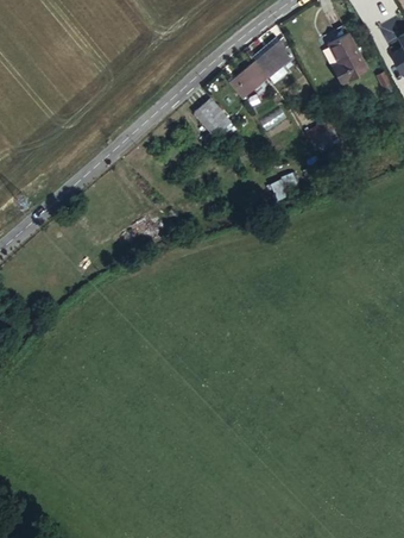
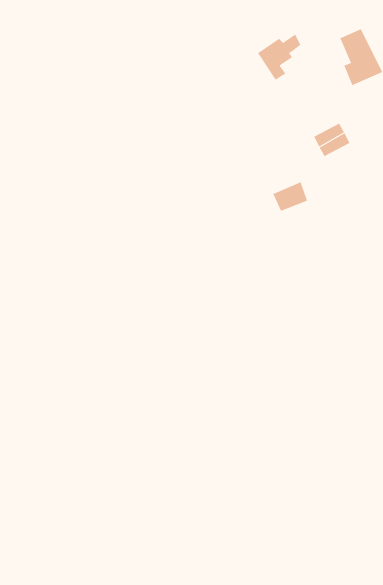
building: [232,63,266,96] -> none
building: [190,96,227,136] -> none

